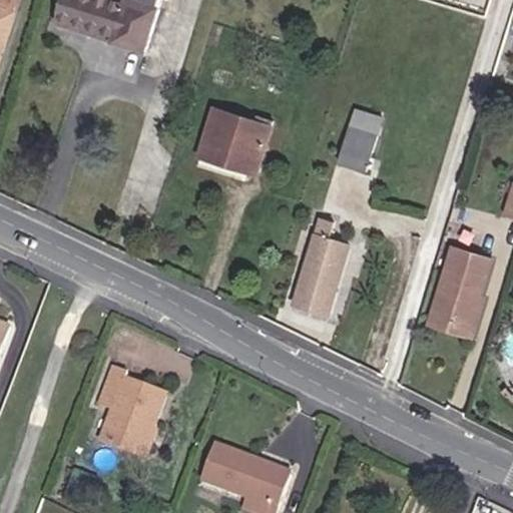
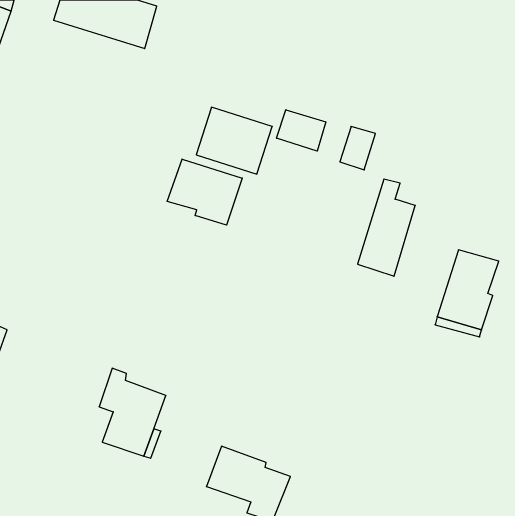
building: none -> [277,110,326,151]
building: none -> [167,159,242,225]
building: [291,218,348,315] -> [358,179,415,276]

